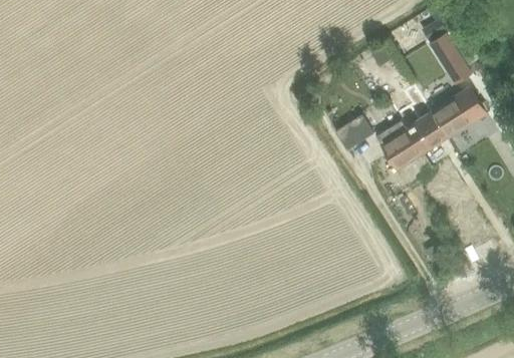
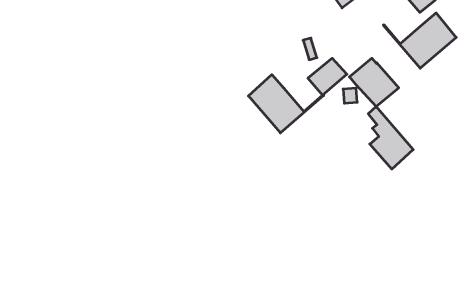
building: [406,90,448,154] -> [368,106,413,169]
building: none -> [248,75,324,133]

